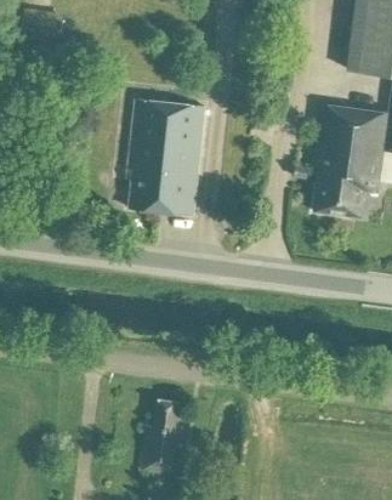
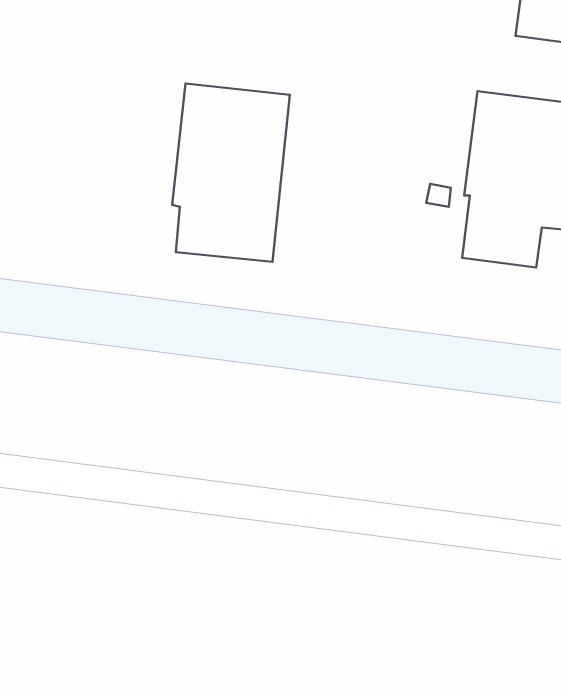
building: [140,399,187,475] -> none

